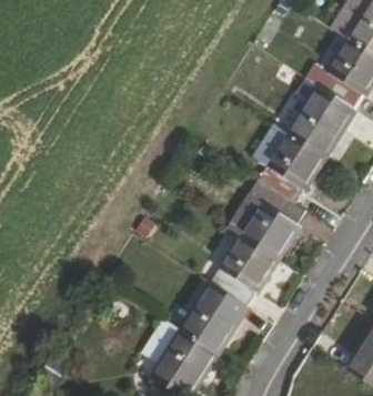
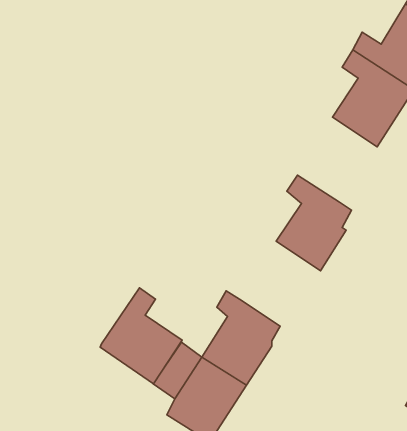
building: [258,133,323,203] -> none
building: [210,235,276,305] -> none
building: none -> [100,288,182,384]

